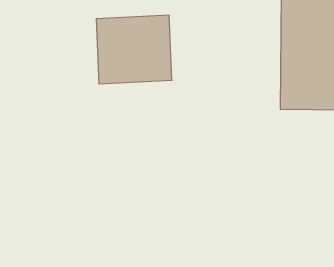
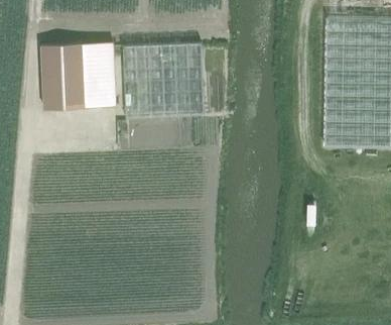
building: none -> [41,41,116,109]

